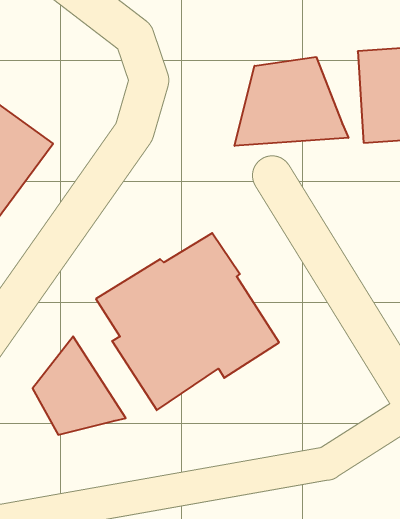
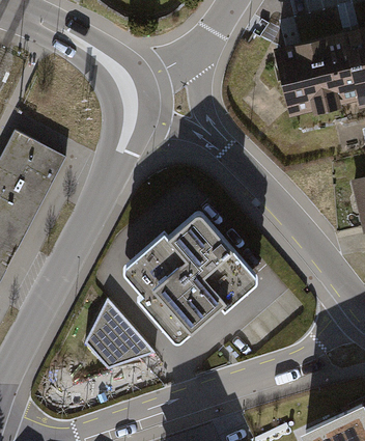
building: [235,57,348,146] -> none

